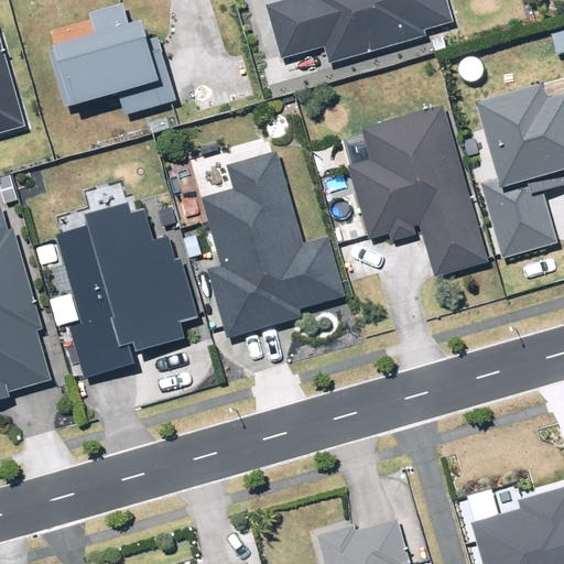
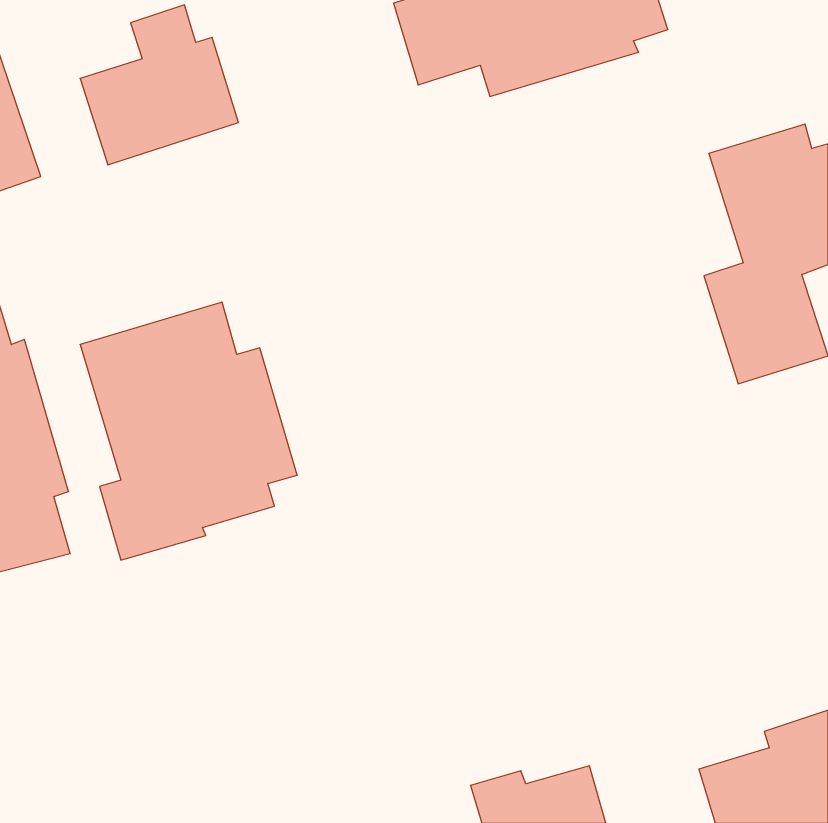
building: [349,106,485,272] -> none
building: [200,152,345,340] -> none

